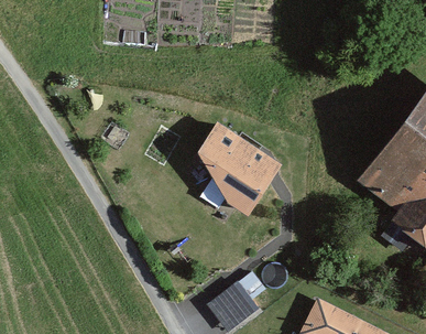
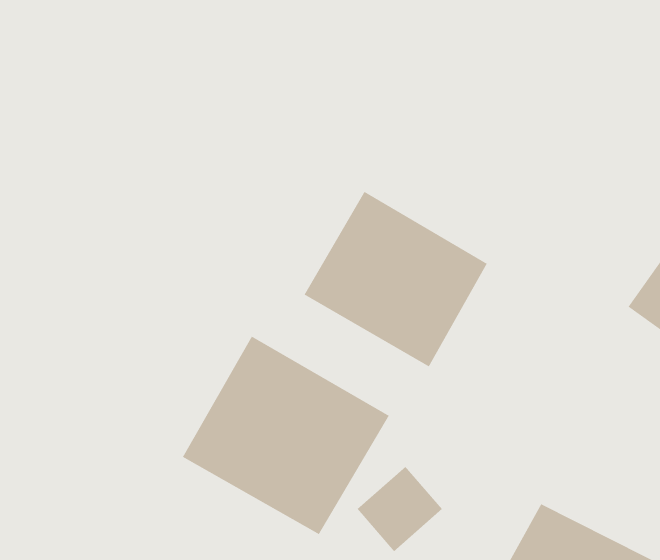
building: none -> [182,335,390,535]

